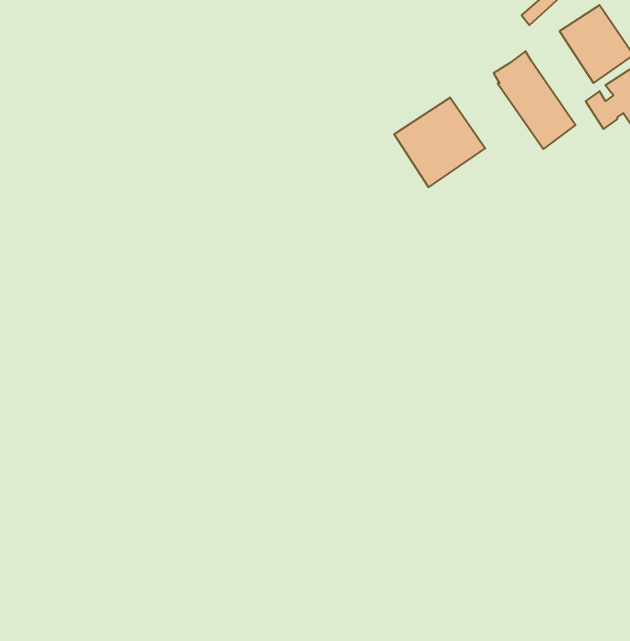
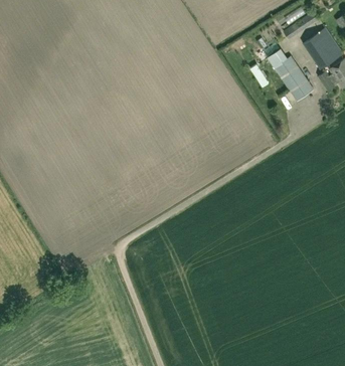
building: [394,97,485,187] -> none

